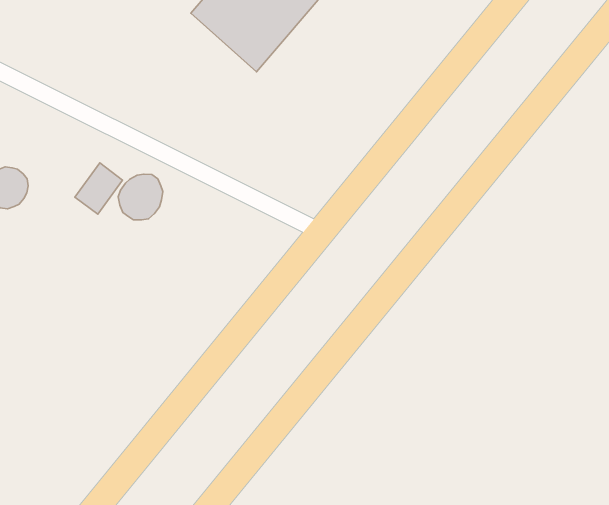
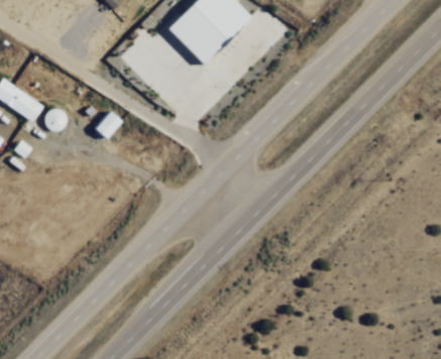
building: [118,174,163,220] -> none

